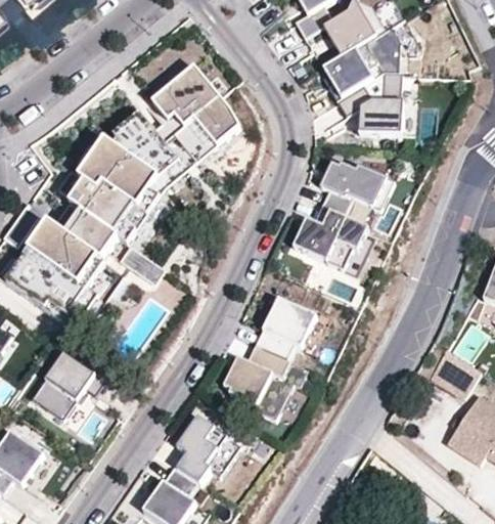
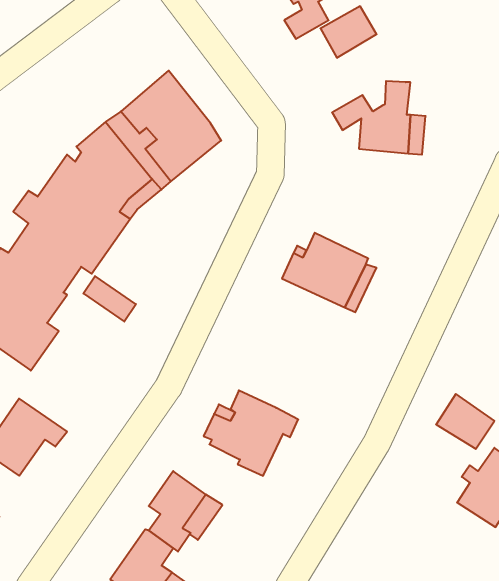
building: [322,19,421,100] -> none
building: [319,161,388,217] -> none
building: [255,297,316,359] -> none

